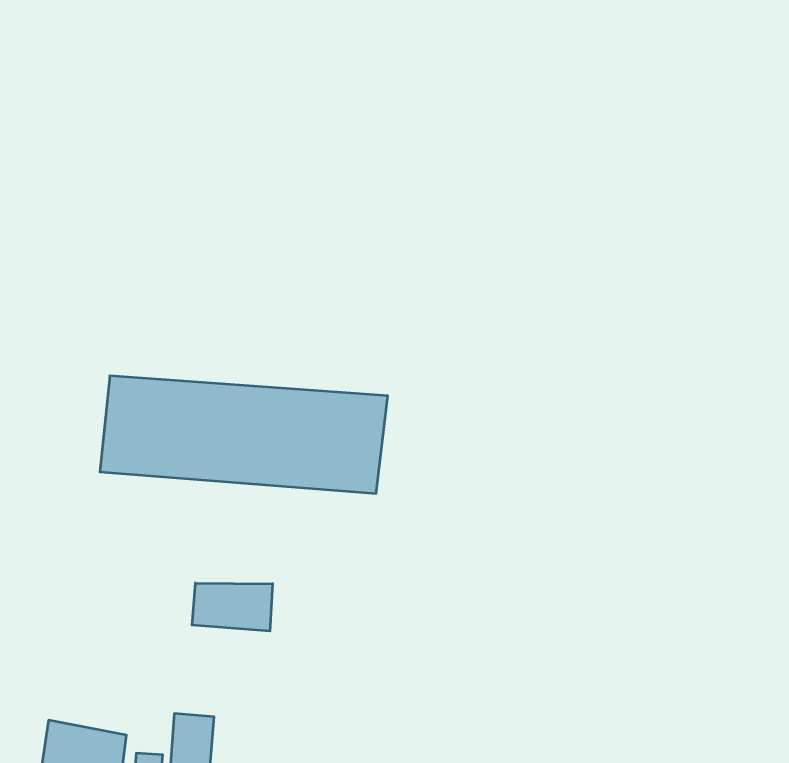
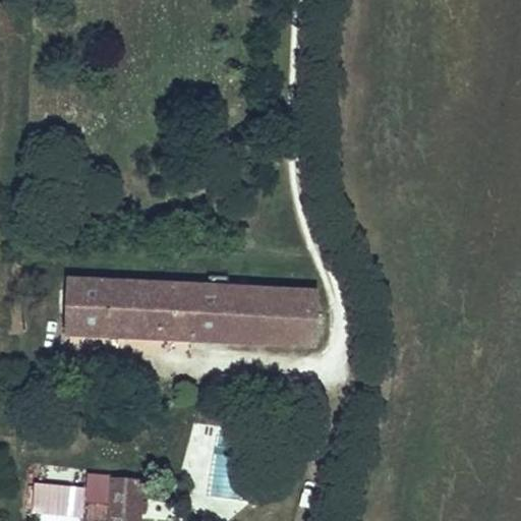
building: none -> [235,285,316,354]
building: [192,583,273,631] -> none

